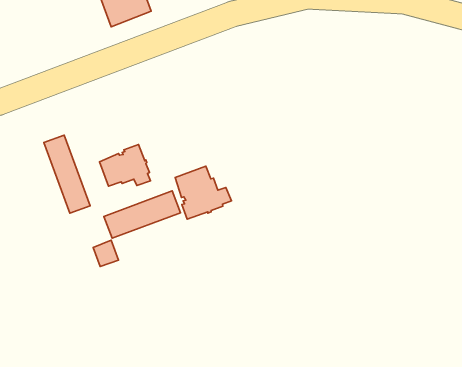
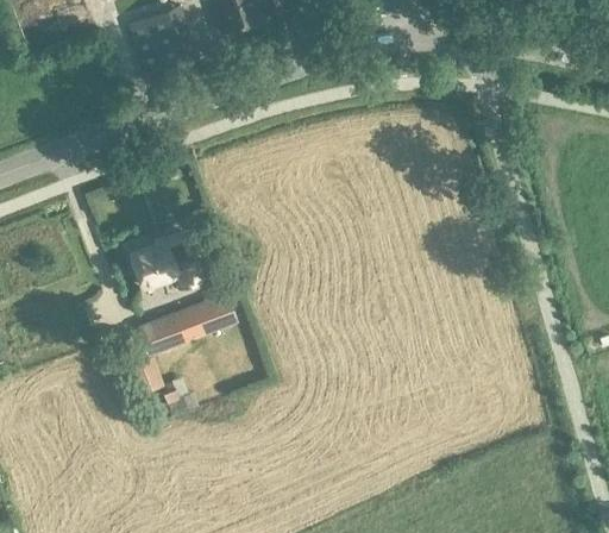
building: [44,135,90,213] -> none
building: [175,166,232,219] -> none

